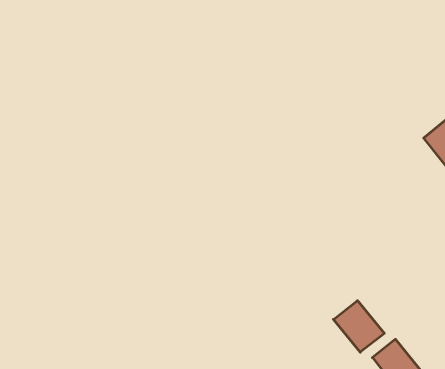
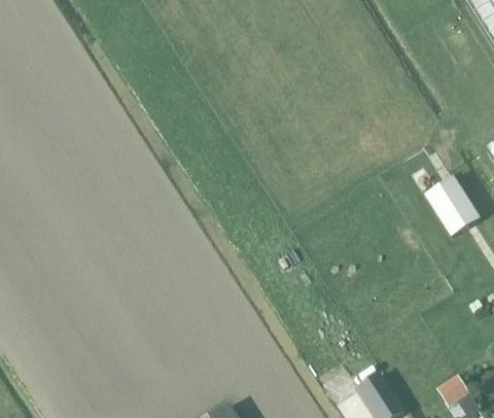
building: [333,301,384,352] -> none

